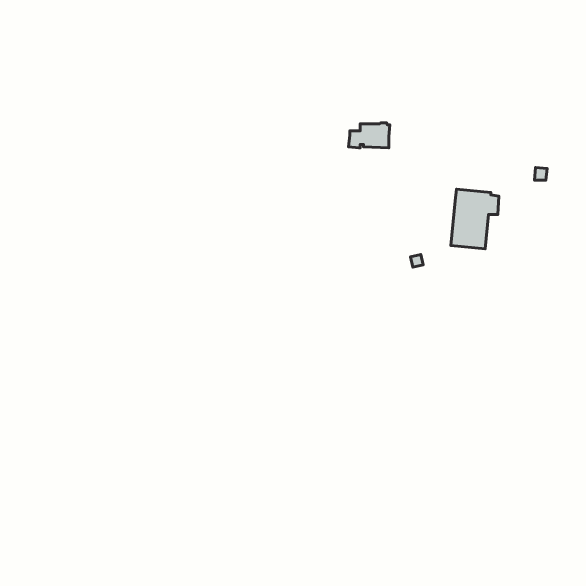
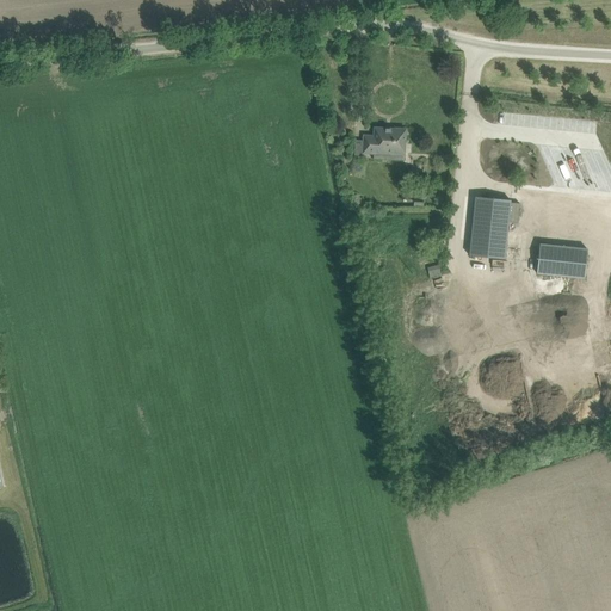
building: none -> [537,245,587,278]

